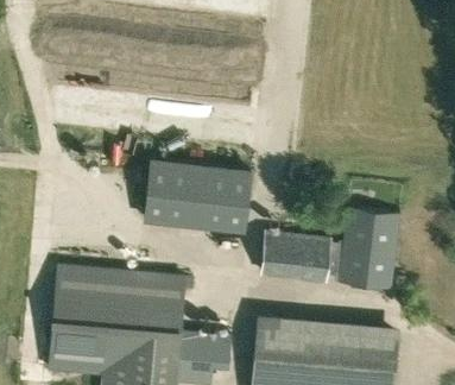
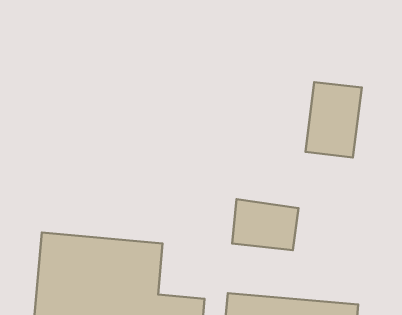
building: [144,157,254,232] -> none
building: [340,207,400,288] -> [305,82,362,157]

